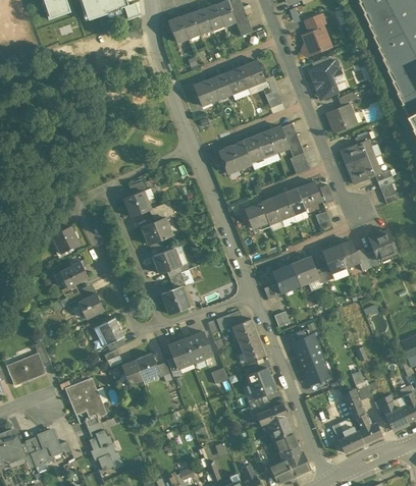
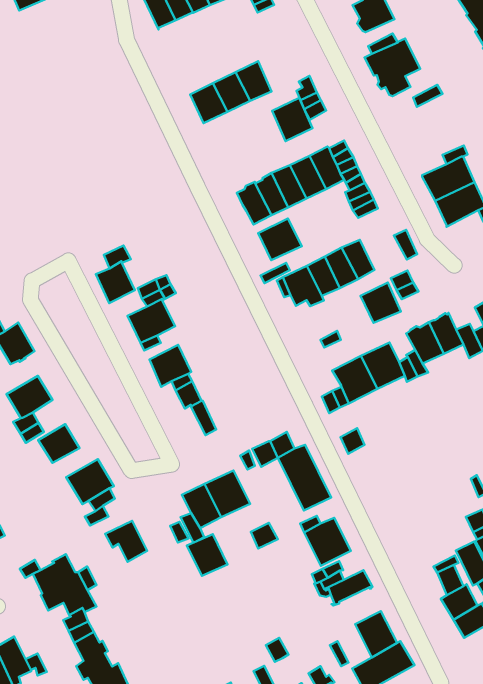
building: [240,60,265,88] -> [272,98,313,141]
building: [326,104,357,132] -> none
building: none -> [258,218,302,260]
building: [297,181,322,207] -> [361,283,401,323]
building: [162,287,187,314] -> none
building: [294,334,329,384] -> none
building: [135,354,160,380] -> [187,534,228,576]
building: [265,415,292,439] -> none

